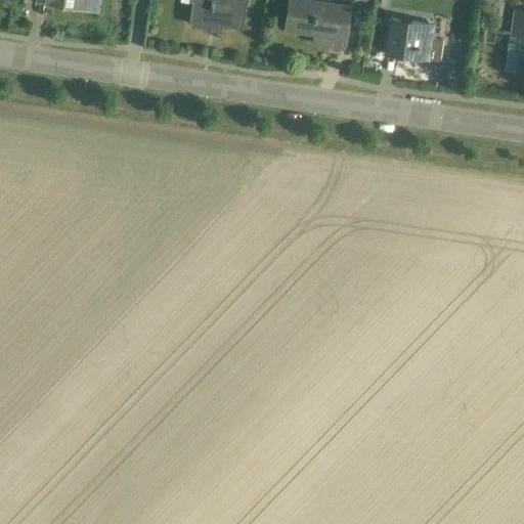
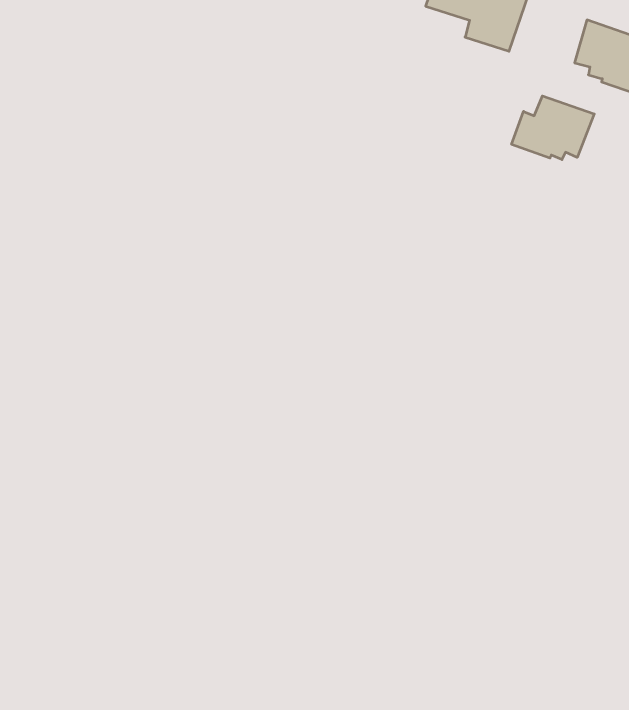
building: none -> [512,96,594,160]

